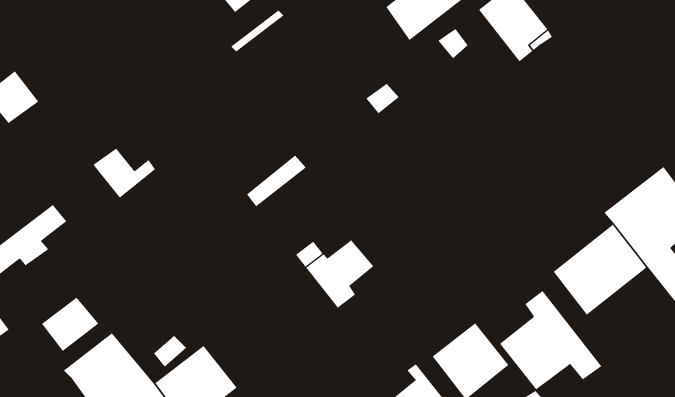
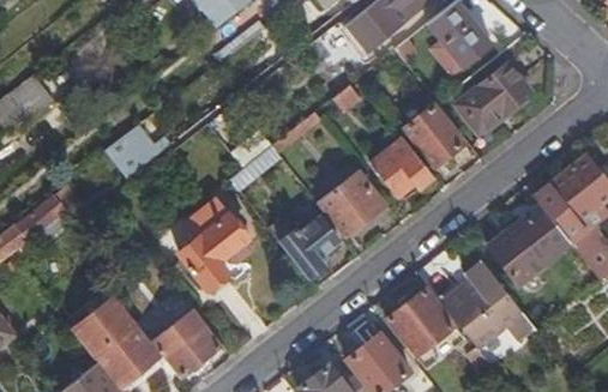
building: none -> [456,64,530,132]
building: none -> [405,108,462,165]
building: none -> [369,137,434,199]
building: none -> [318,171,386,236]
building: none -> [177,199,249,290]
building: [41,297,99,352] -> none

